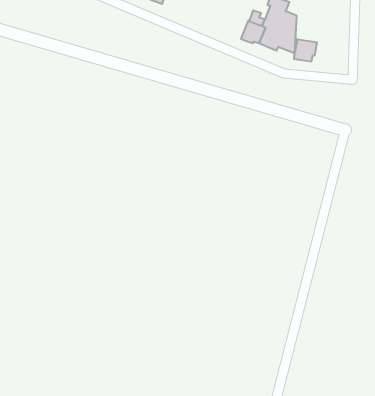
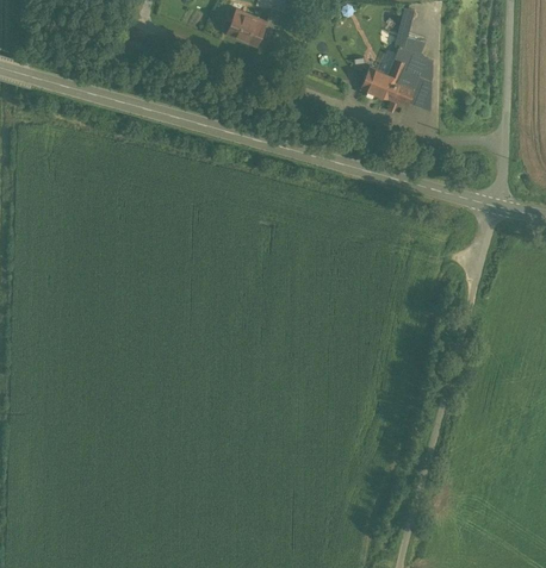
building: [294,39,317,62] -> none

